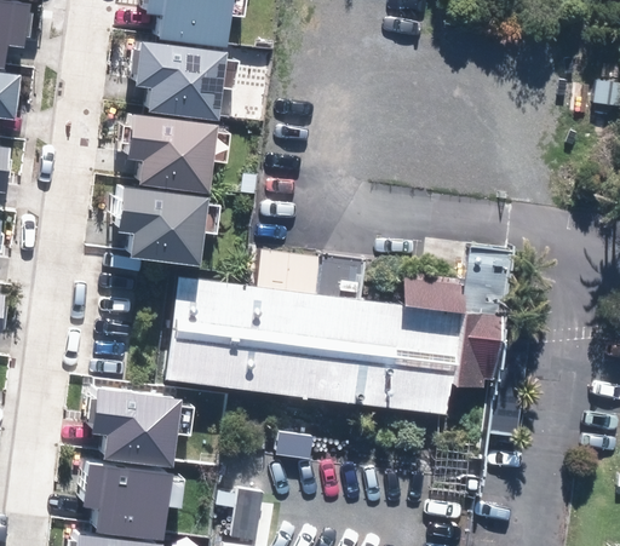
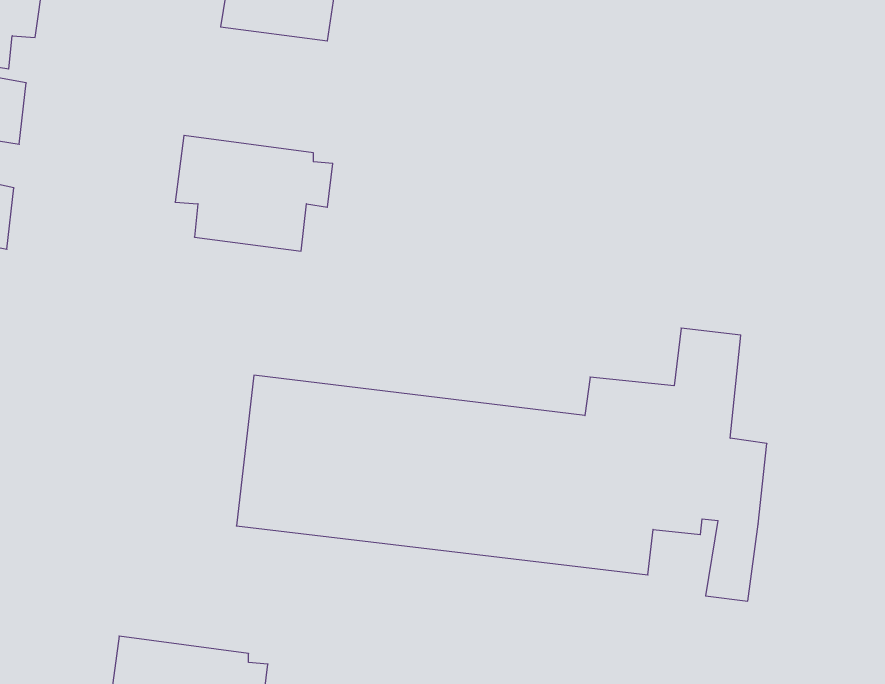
building: [131,40,240,120] -> none
building: [114,184,222,264] -> none
building: [86,387,195,467] -> none

